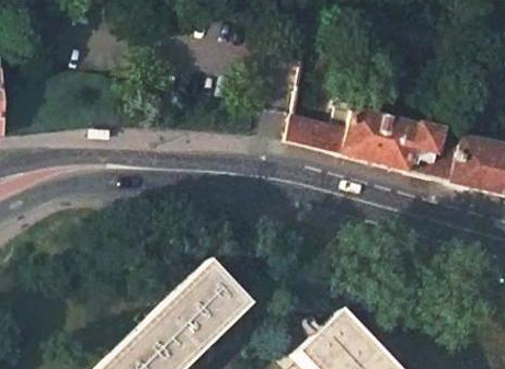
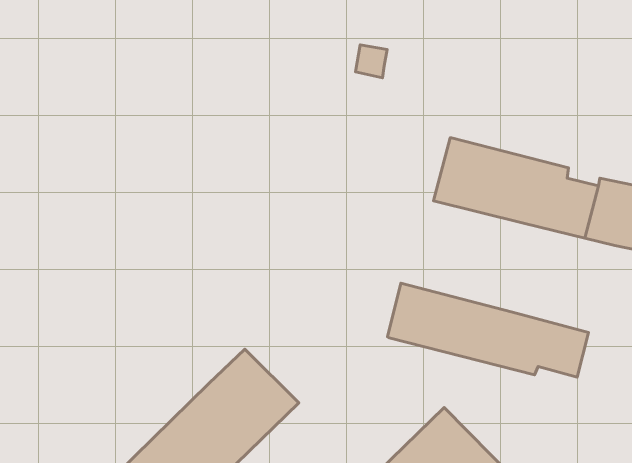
building: [288,100,355,157] -> none
building: none -> [387,283,588,377]

